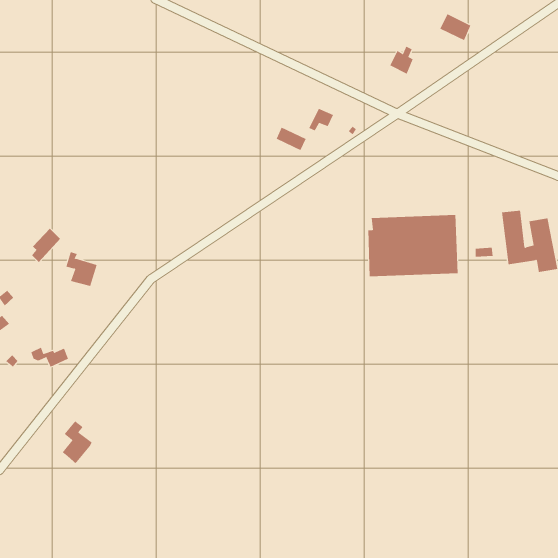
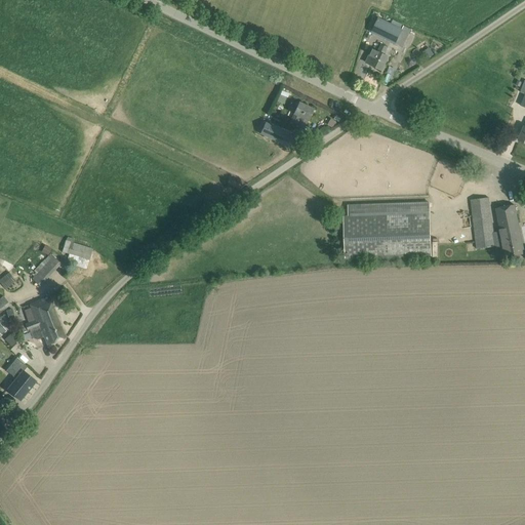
building: [439,13,471,41] -> [371,17,401,43]
building: [31,228,61,263] -> [32,252,59,285]
building: none -> [24,295,60,331]
building: [62,421,92,464] -> [6,359,35,400]

